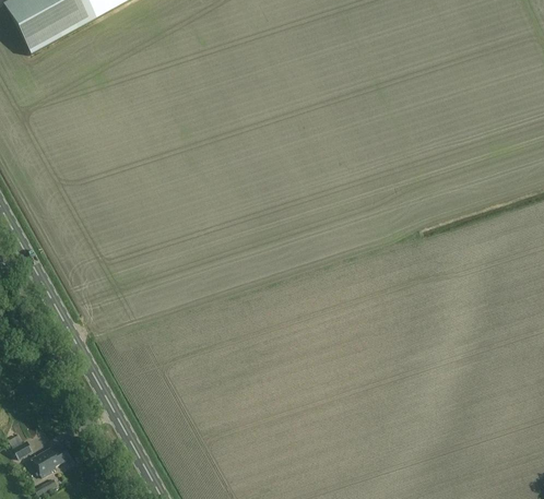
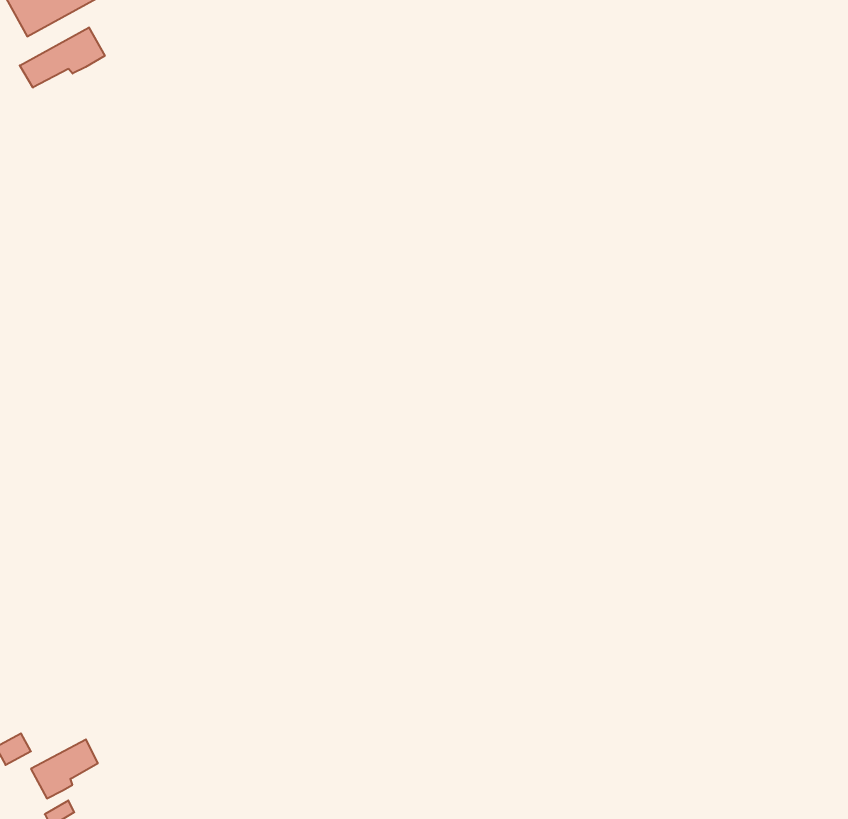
building: none -> [20,27,105,88]

